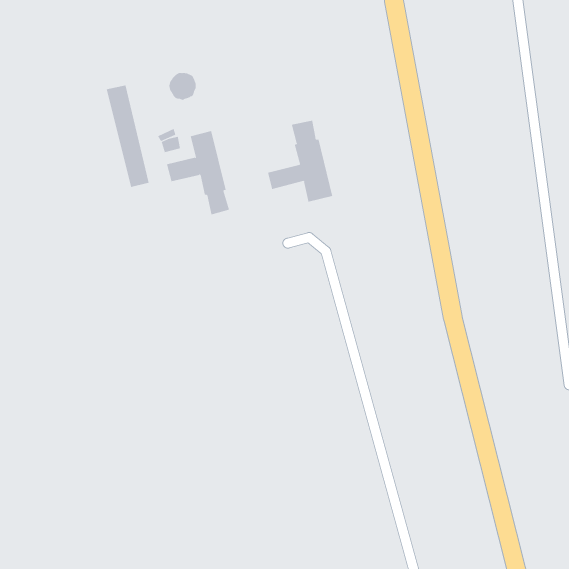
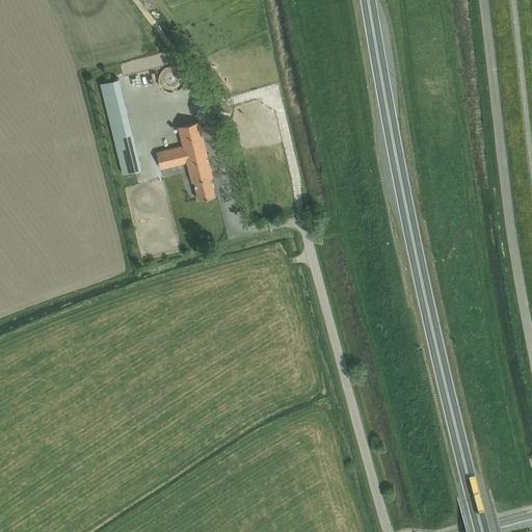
building: [268,120,333,203] -> none

